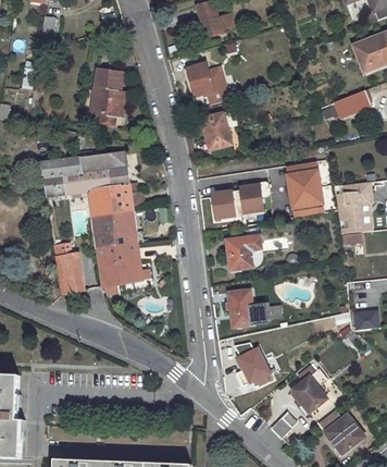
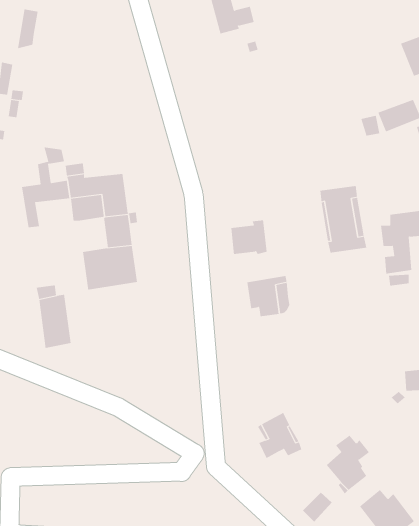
building: [189,62,228,105] -> none
building: [90,69,125,124] -> none
building: [202,112,229,150] -> none
building: [53,172,84,195] -> none
building: [240,184,270,216] -> none
building: [88,187,112,216] -> none
building: [96,241,142,287] -> none
building: [228,288,251,327] -> none

